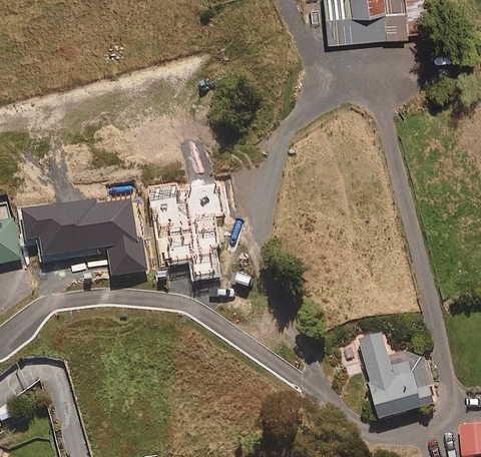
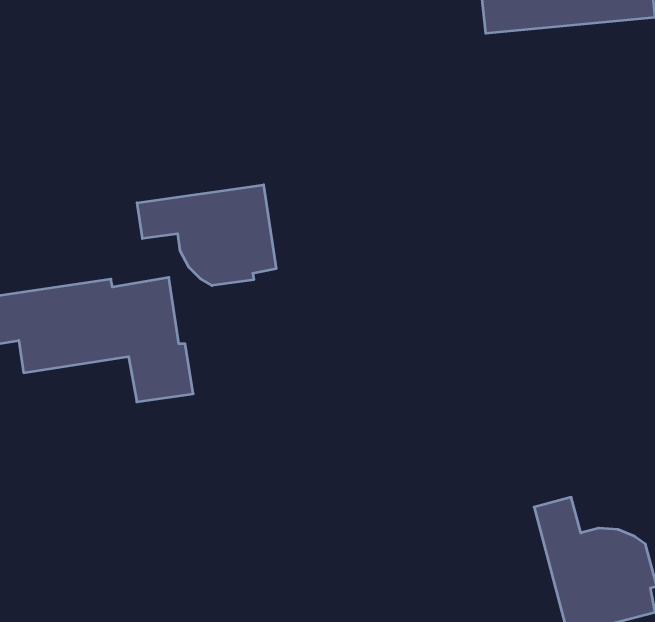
building: none -> [137,185,276,286]

